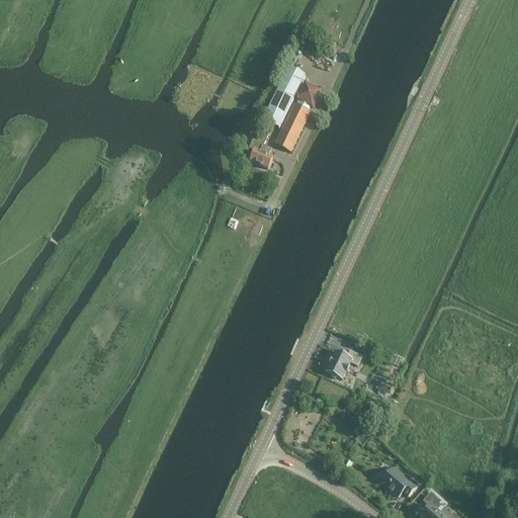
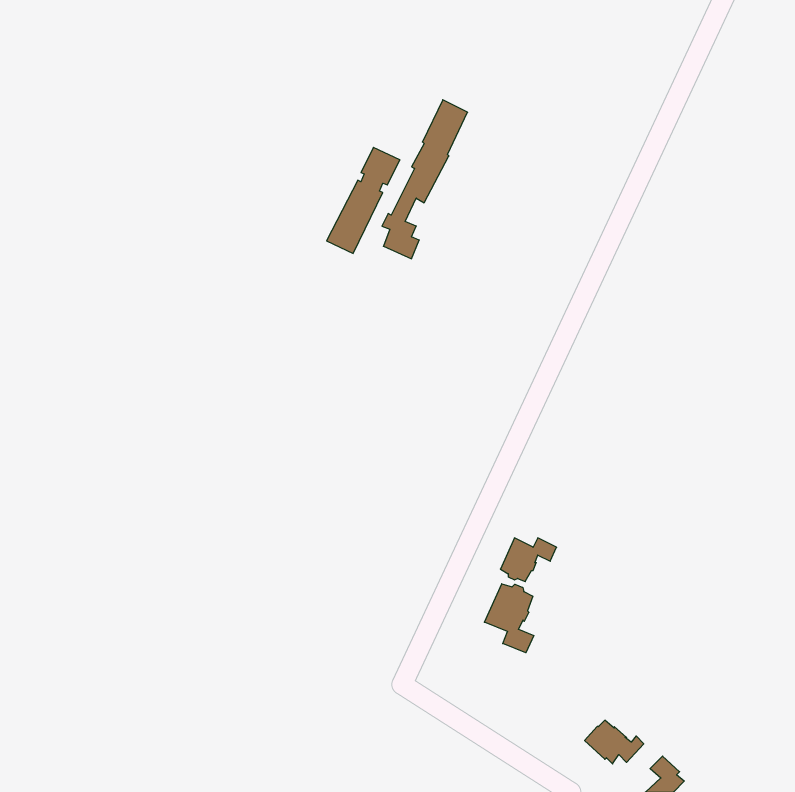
building: [273,81,321,150] -> [327,147,400,253]
building: none -> [484,584,534,653]

